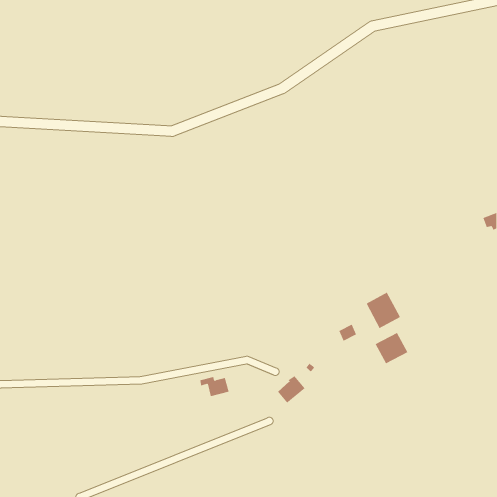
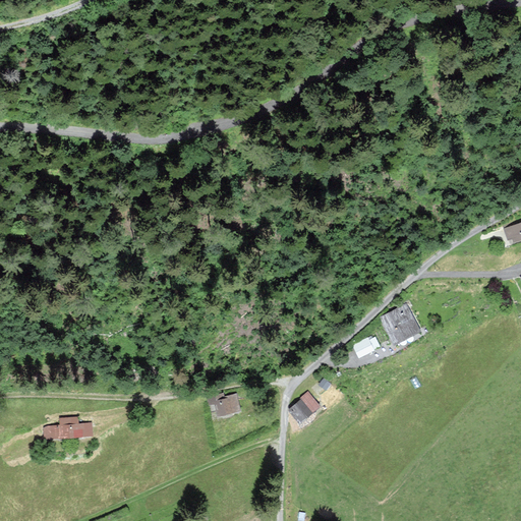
building: [375,332,408,364] -> none
building: none -> [46,418,91,438]

